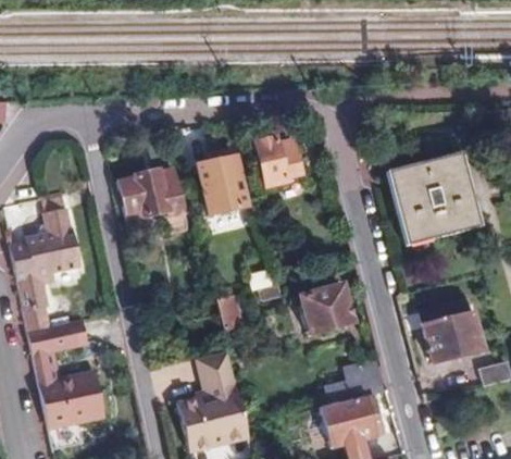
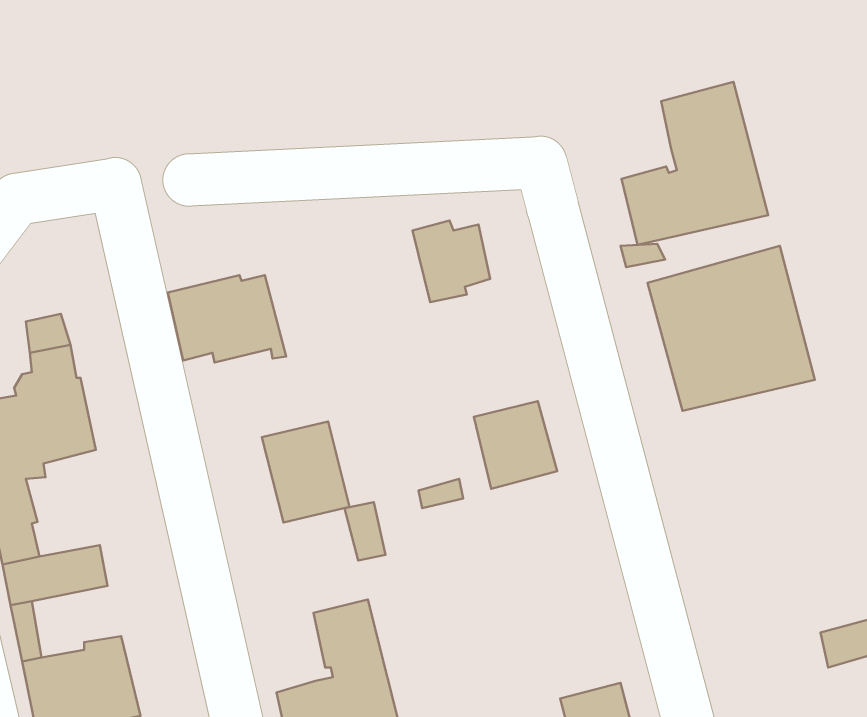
building: none -> [621,82,768,245]
building: [198,156,247,212] -> [262,421,349,522]
building: [308,284,354,333] -> [474,401,557,489]
building: [426,314,491,371] -> none

